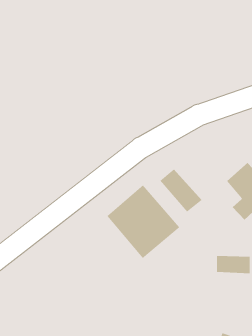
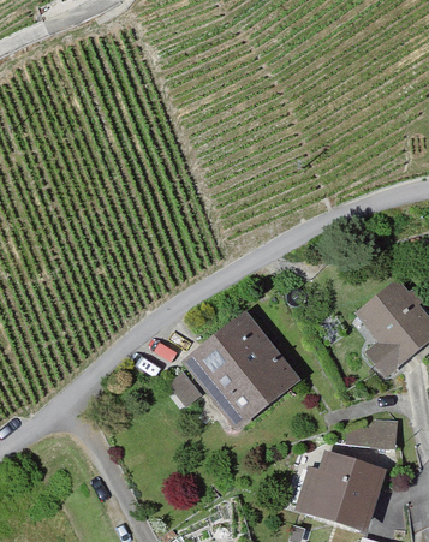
building: [159,169,202,213] -> none
building: none -> [297,454,382,528]

